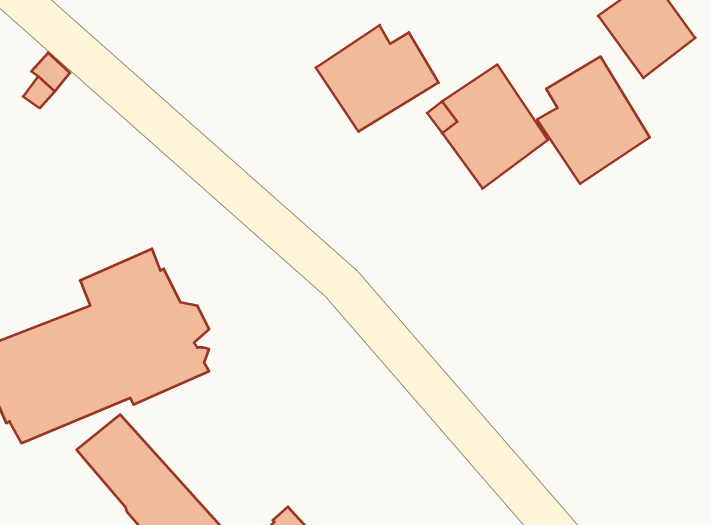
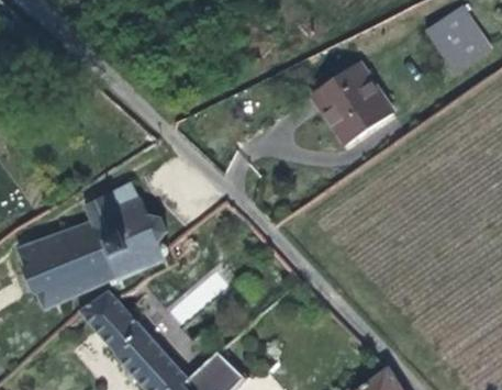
building: [316,25,439,132] -> none
building: [537,57,650,184] -> none

